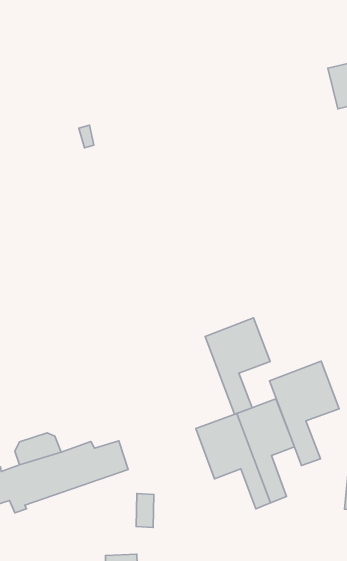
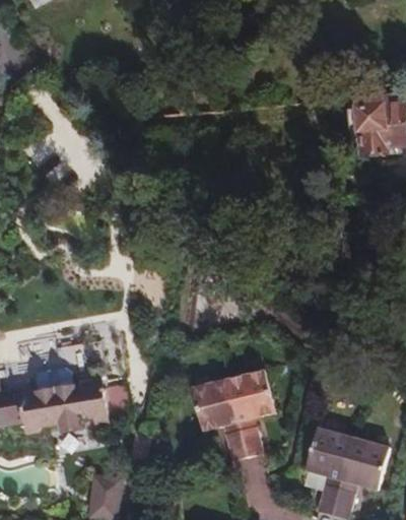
building: [205,318,270,414] -> none
building: [270,361,339,466] -> none

